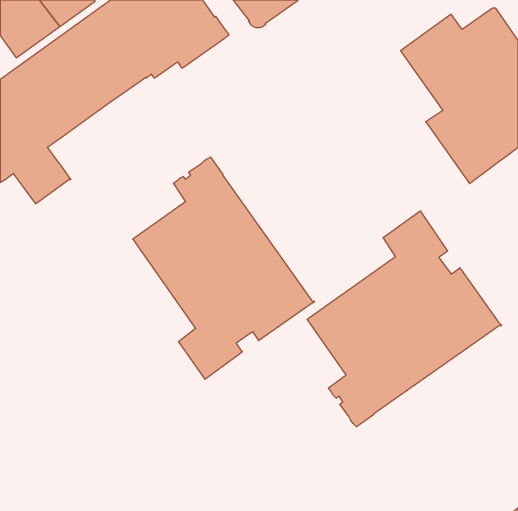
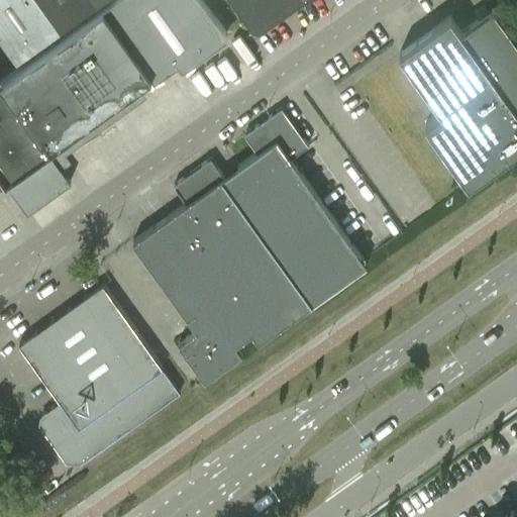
building: none -> [222,113,366,308]
building: [307,211,501,427] -> none
building: none -> [18,289,180,469]

